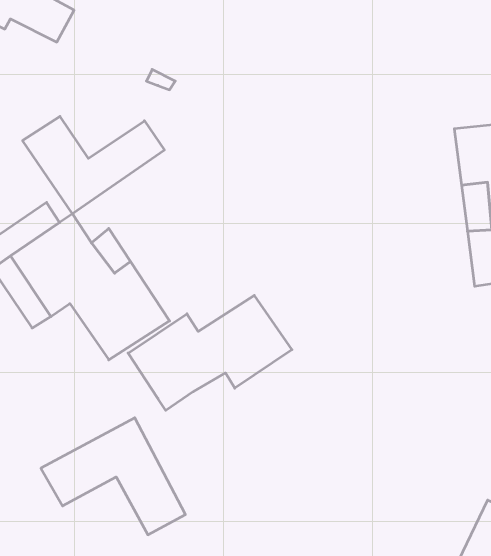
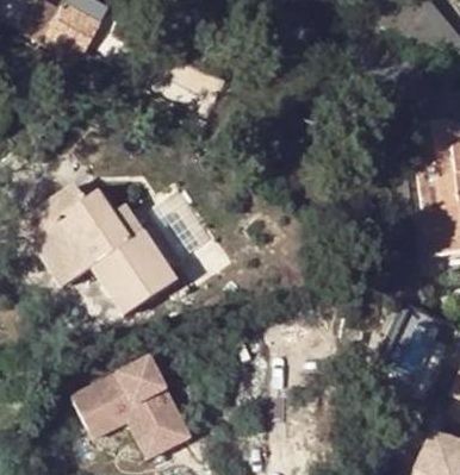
building: [23,116,164,214] -> none
building: [128,295,292,410] -> none
building: none -> [88,408,158,462]

